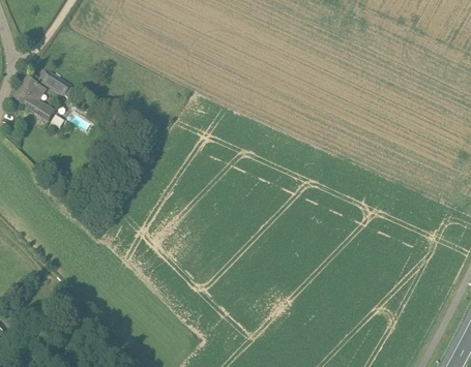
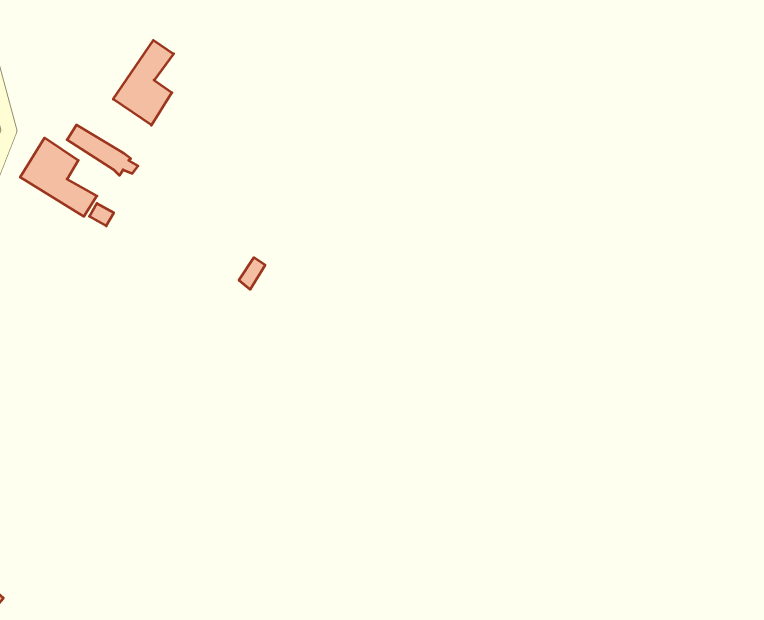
building: none -> [113,40,174,125]

